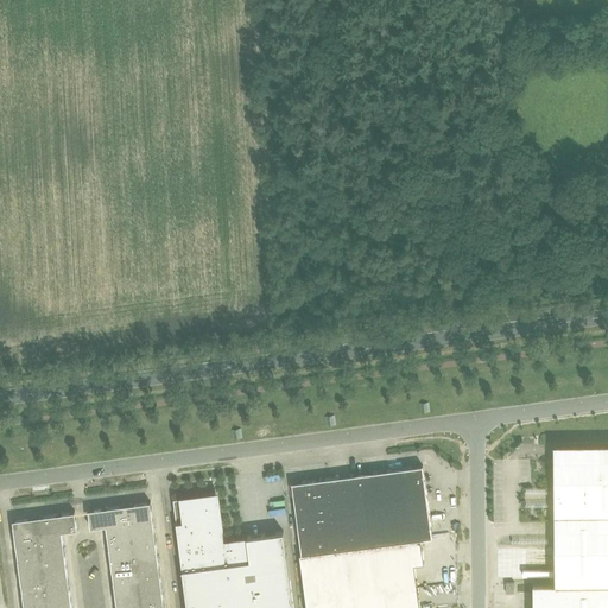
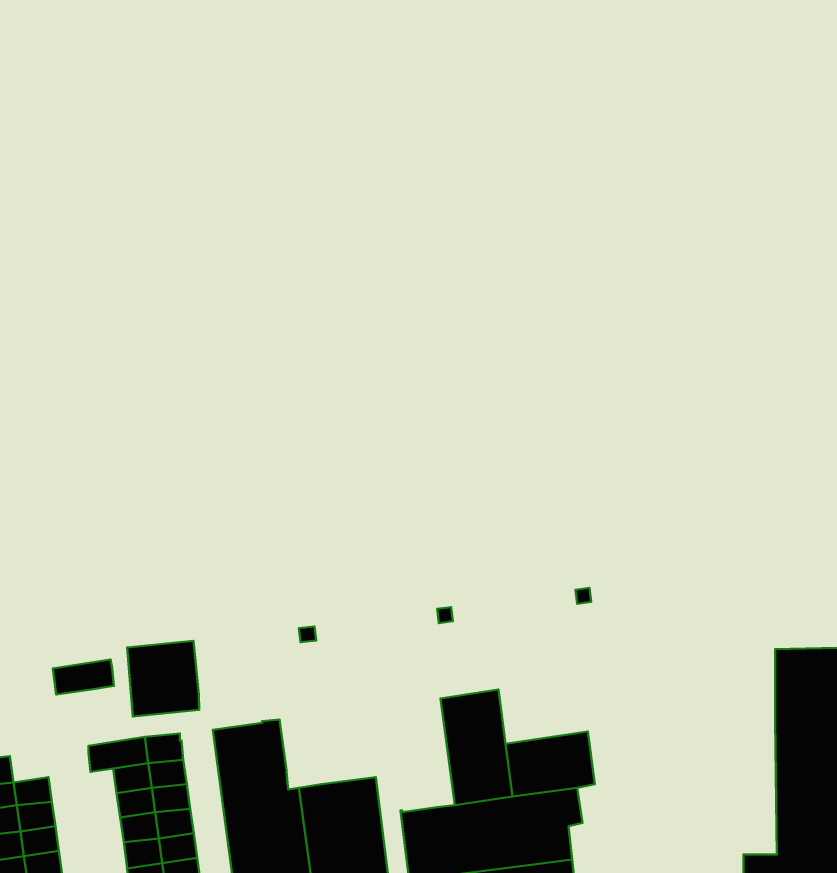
building: none -> [127,641,199,717]
building: [366,470,426,514] -> none
building: [291,483,336,560] -> none
building: [34,517,76,540] -> [53,660,114,695]

